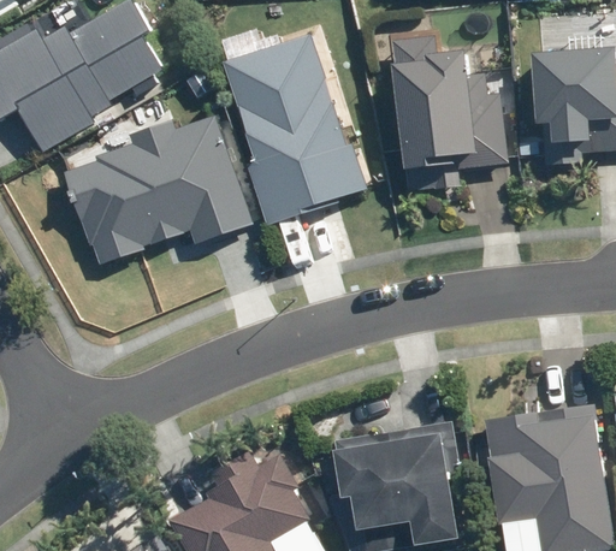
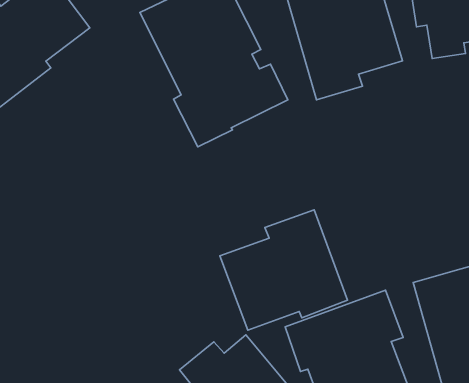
building: [59,118,251,267] -> none
building: none -> [220,210,347,330]

